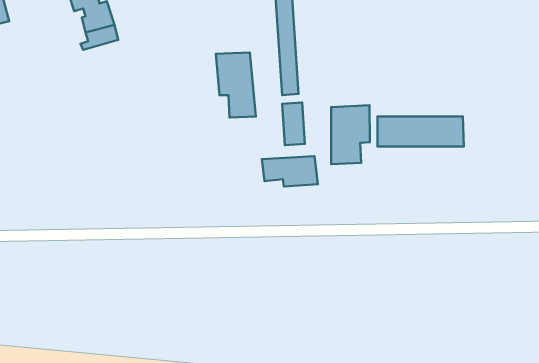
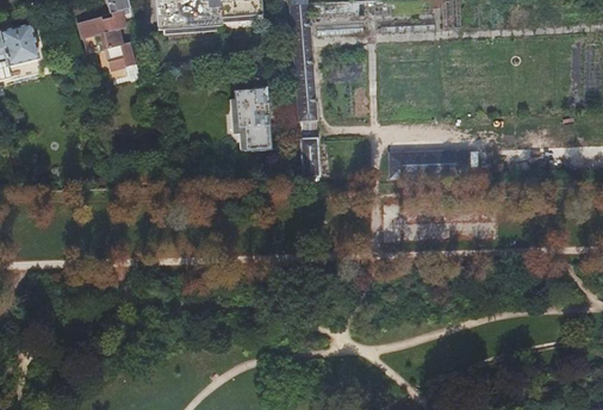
building: [331,105,370,164] -> none
building: [262,156,318,186] -> none

